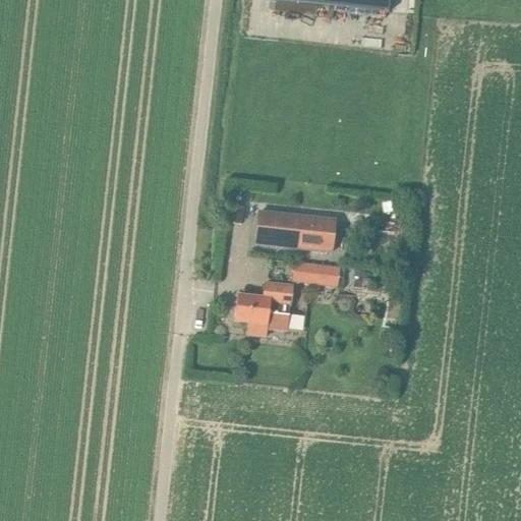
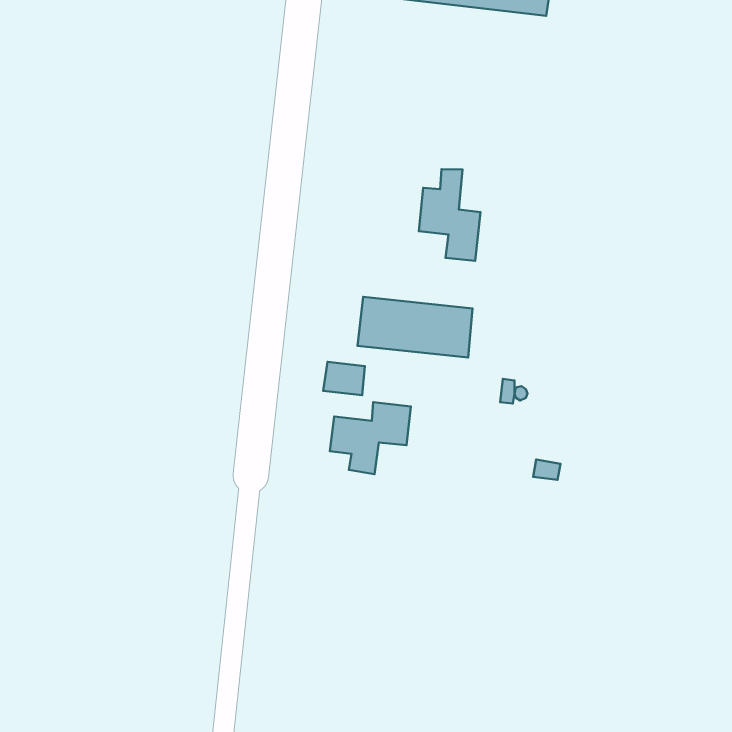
building: none -> [419,169,481,261]
building: [292,260,322,284] -> [323,362,365,395]

